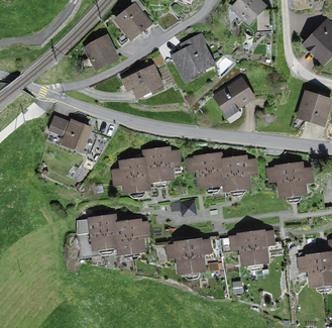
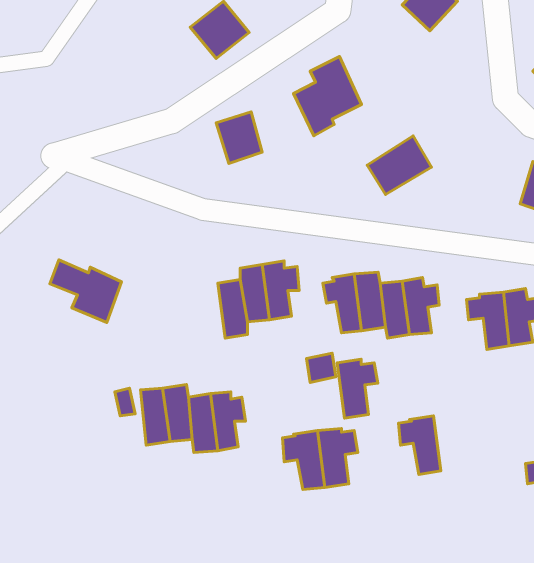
building: [87,38,115,68] -> none
building: [49,117,89,151] -> [50,260,122,322]
building: [114,160,136,192] -> none
building: [250,231,272,263] -> [337,359,378,418]

